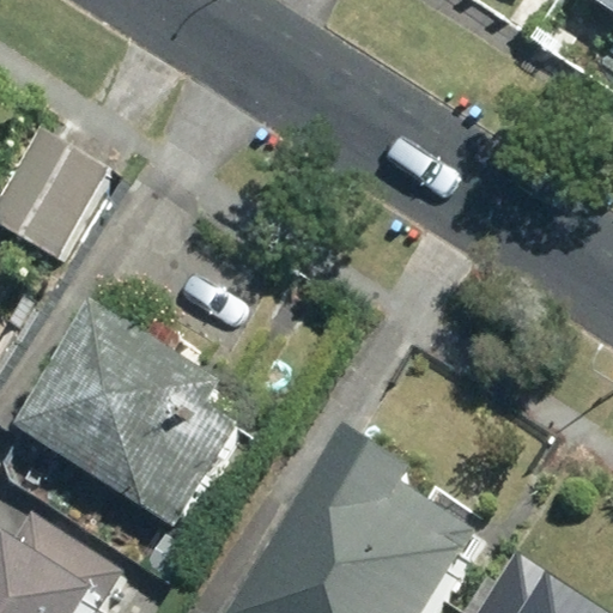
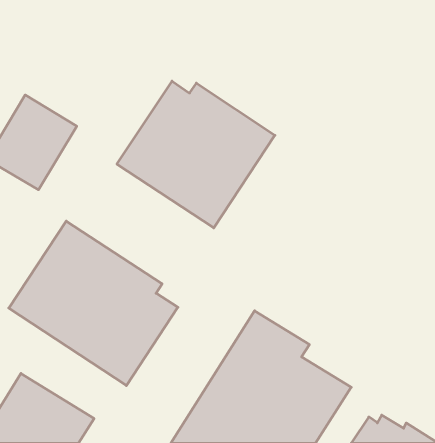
building: none -> [117,81,275,228]

